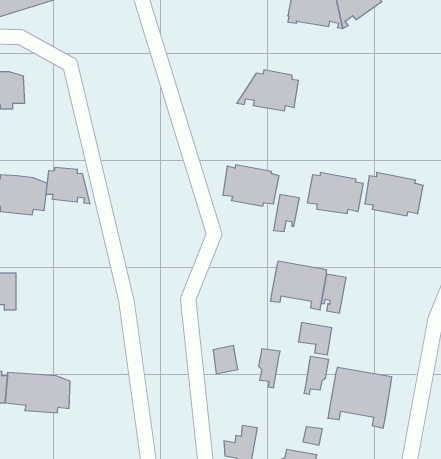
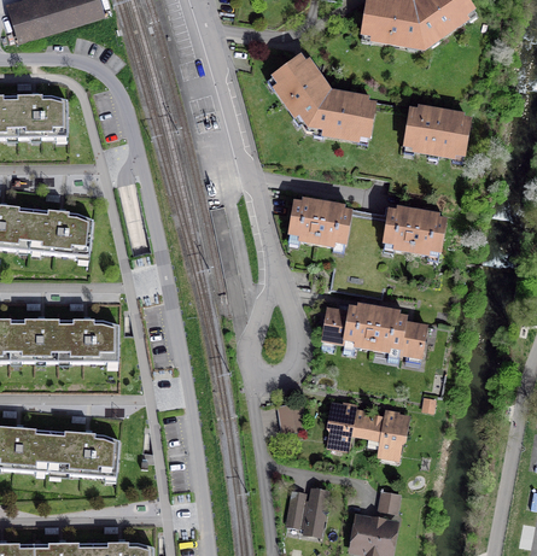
building: none -> [274,57,326,130]
building: [46,167,90,204] -> none
building: [365,172,423,216] -> [404,107,469,156]
building: [273,195,299,231] -> [320,308,349,349]
building: none -> [58,320,118,362]
building: [298,322,332,355] -> [348,411,385,447]
building: [328,367,391,428] -> none

